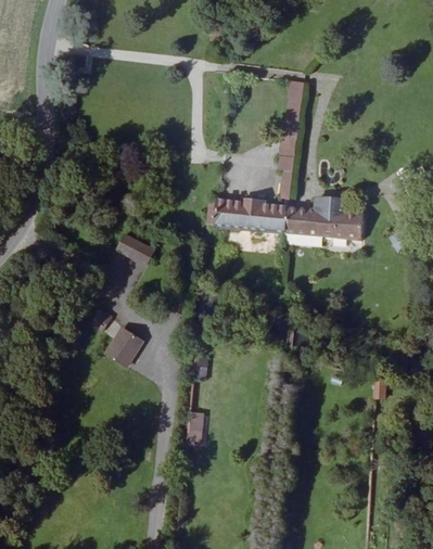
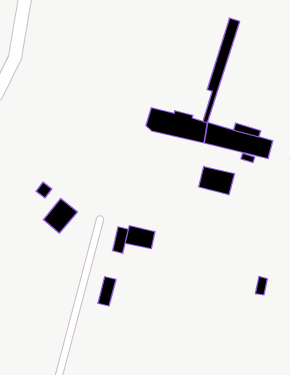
building: [110,235,145,264] -> none
building: none -> [199,166,234,195]
building: none -> [125,226,155,249]

